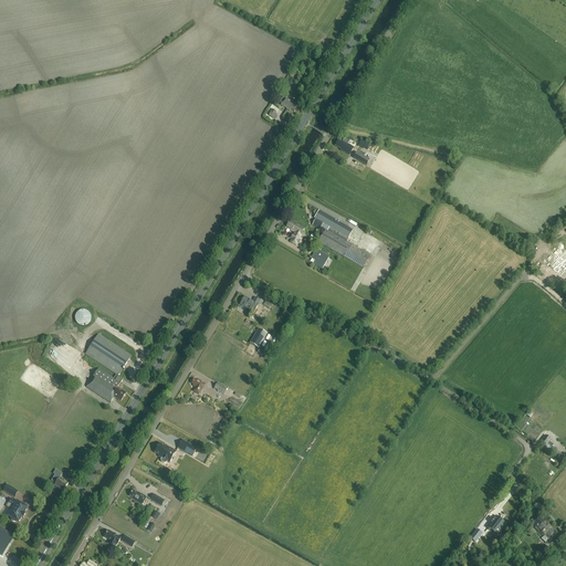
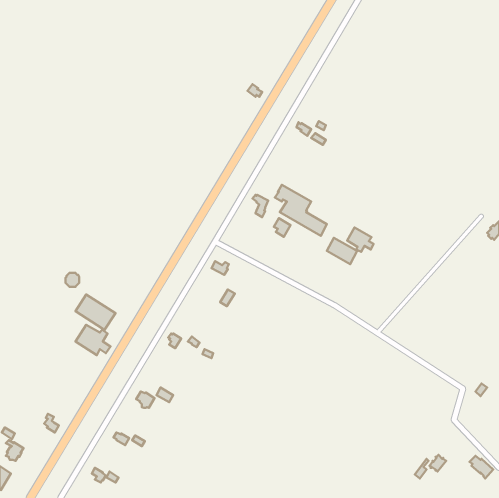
building: none -> [327,227,374,264]

